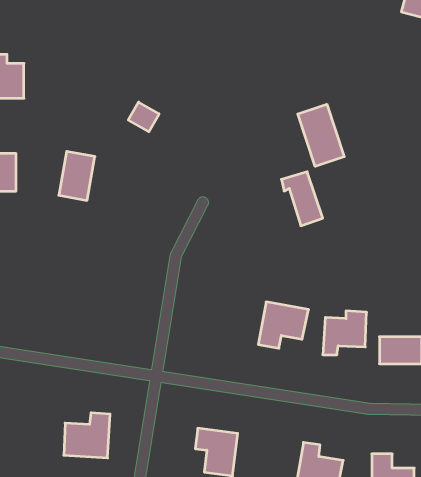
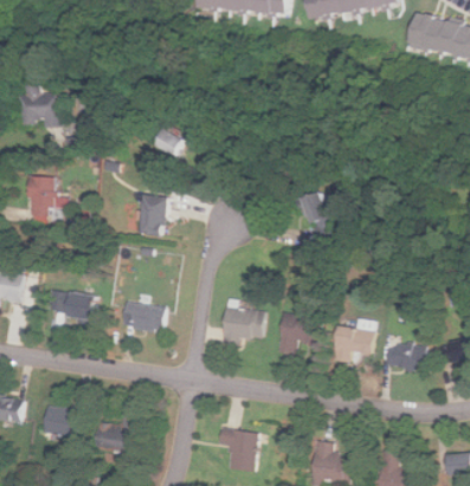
building: [298,104,344,166] -> none
building: [59,151,95,200] -> [135,192,168,236]
building: none -> [46,287,97,319]
building: none -> [220,299,263,345]
building: none -> [121,302,165,331]
building: none -> [43,404,79,436]

